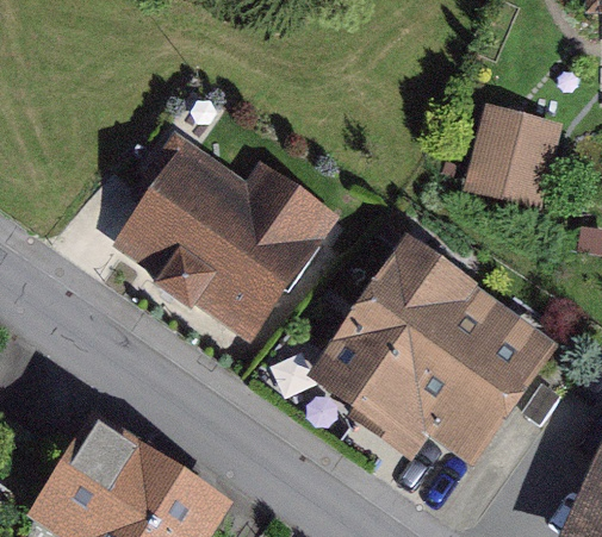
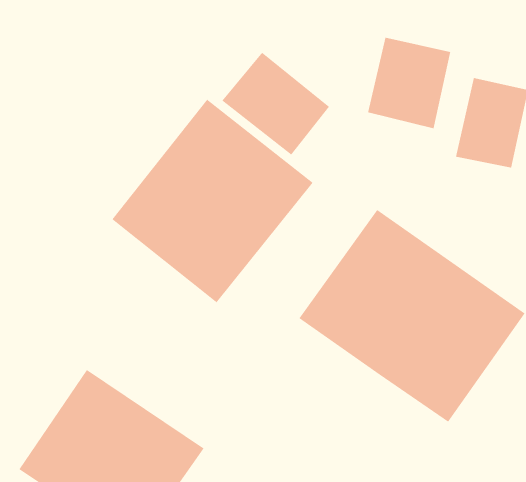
building: none -> [368,37,451,129]
building: none -> [222,52,330,155]

